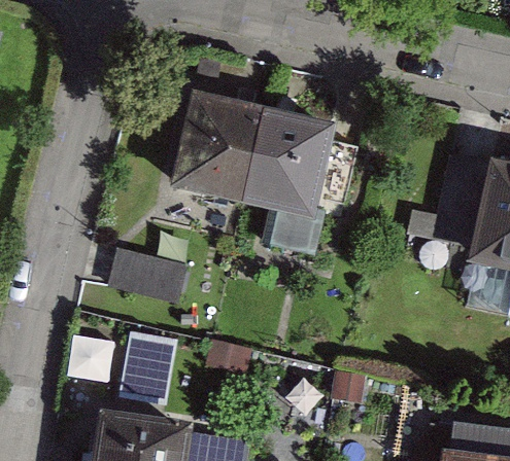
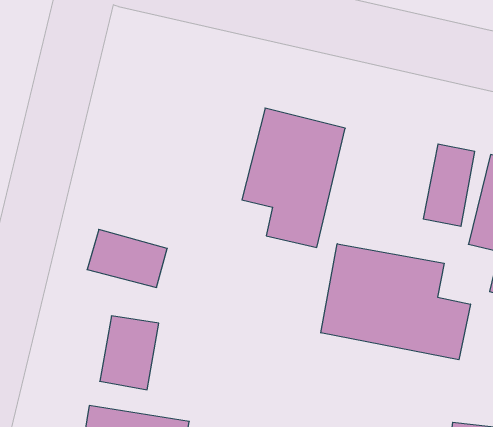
building: [162,100,278,212] -> none
building: none -> [321,244,470,360]

